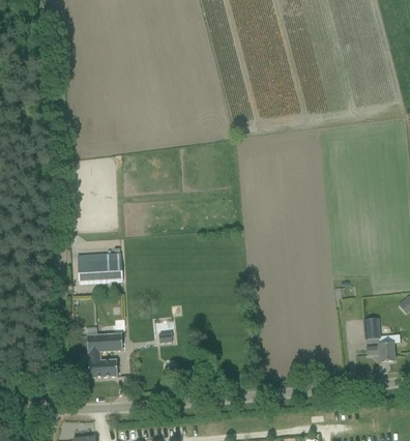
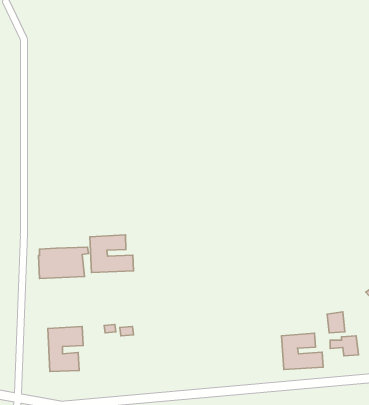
building: none -> [90,235,134,272]
building: none -> [282,333,323,369]

